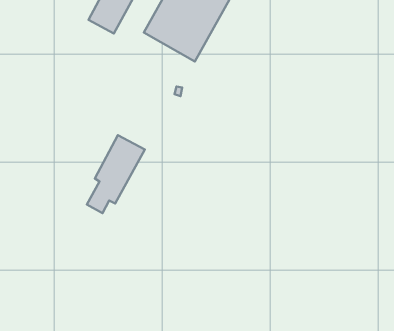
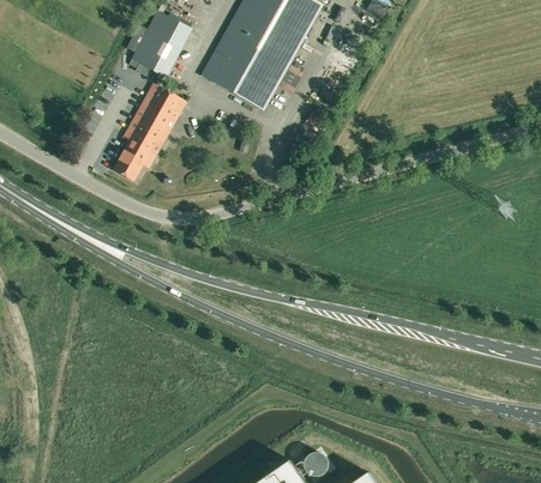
building: [87,135,145,213] -> [113,84,185,181]

